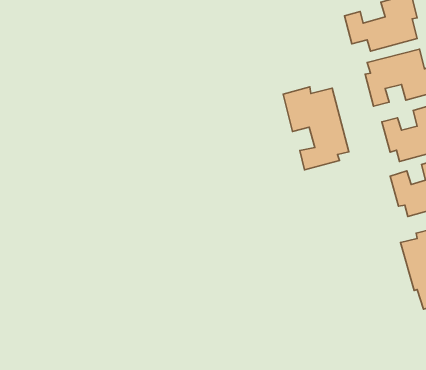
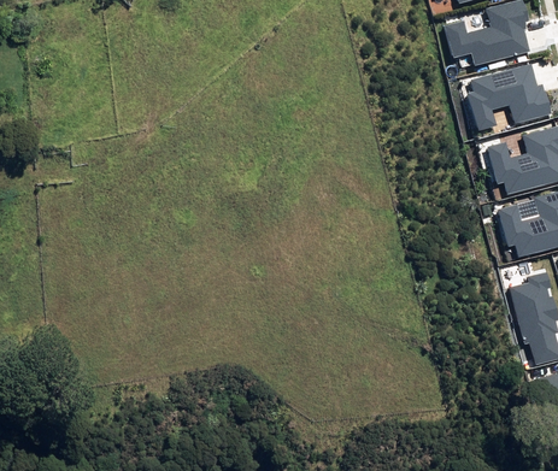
building: [283,87,349,170] -> none

